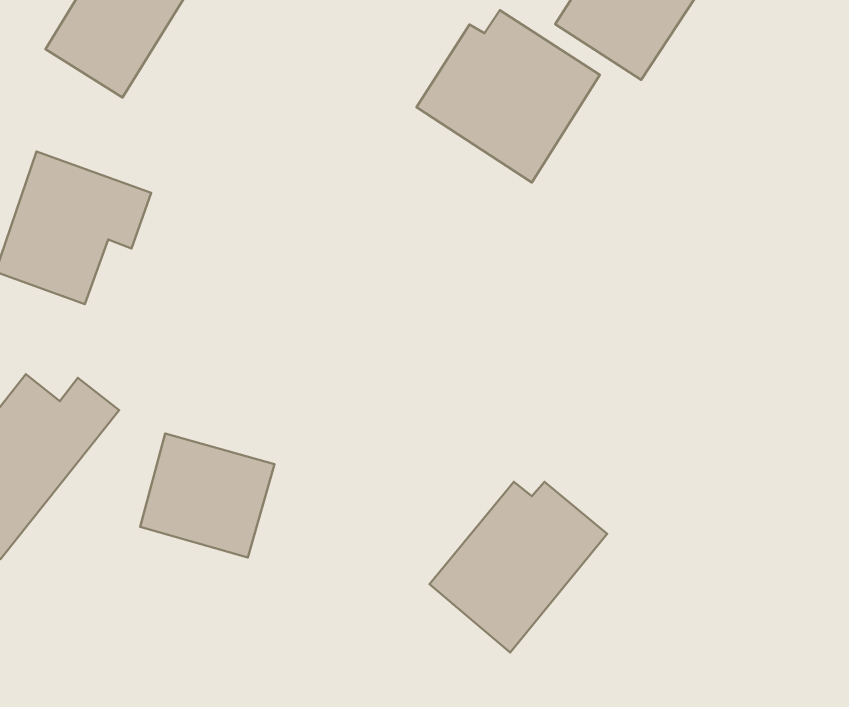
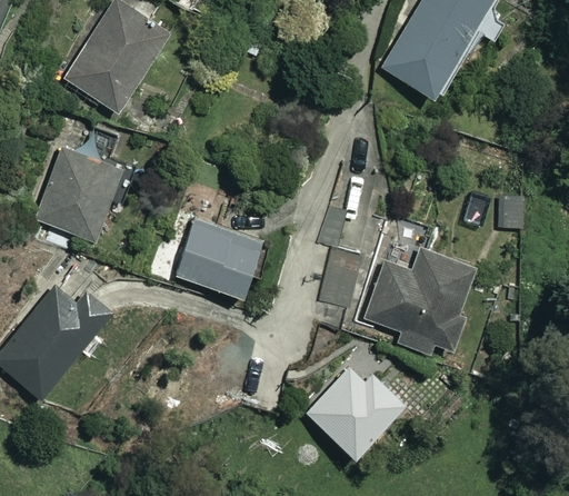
building: [416,10,600,183] -> none
building: none -> [362,239,472,354]
building: [140,434,275,557] -> [177,219,260,296]

